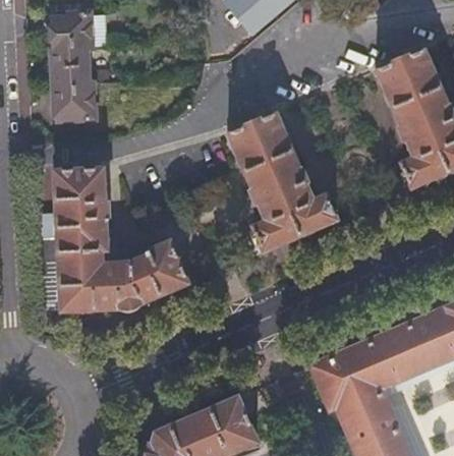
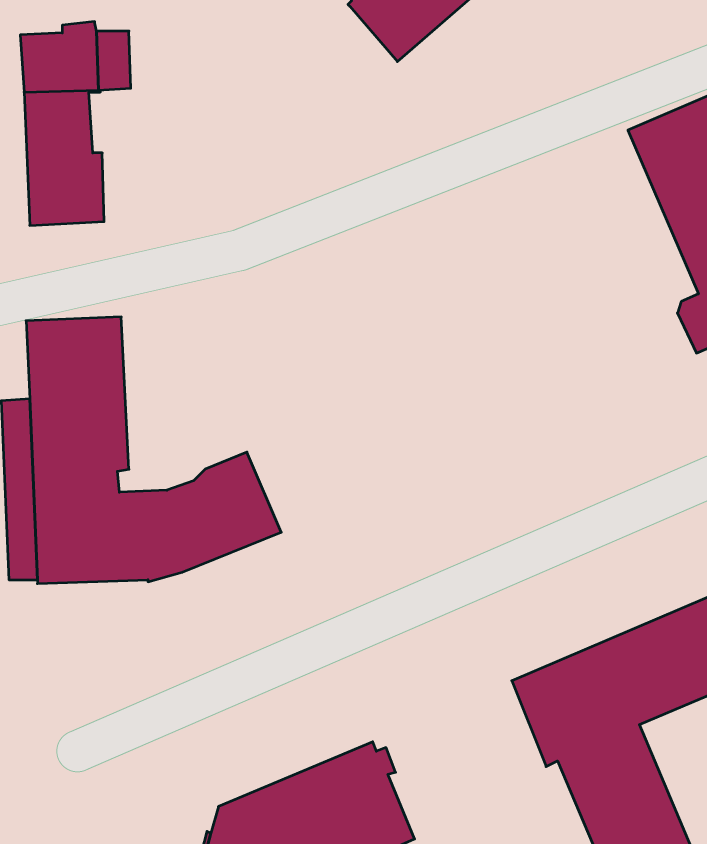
building: [226,112,339,252] -> none

